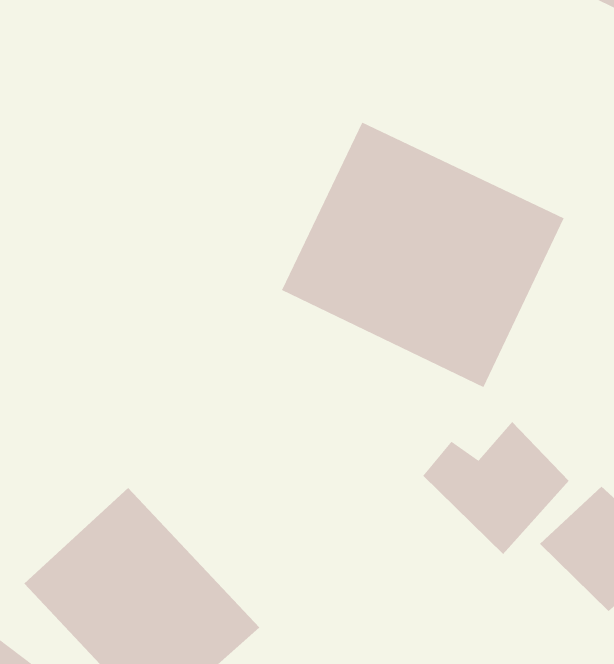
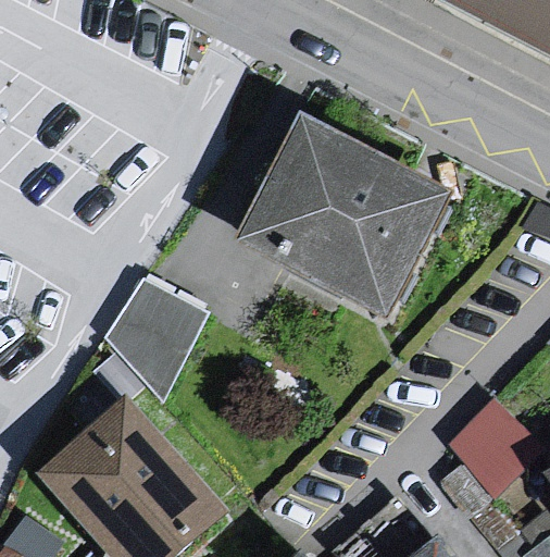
building: none -> [97,274,201,396]
building: [423,421,569,555] -> none

